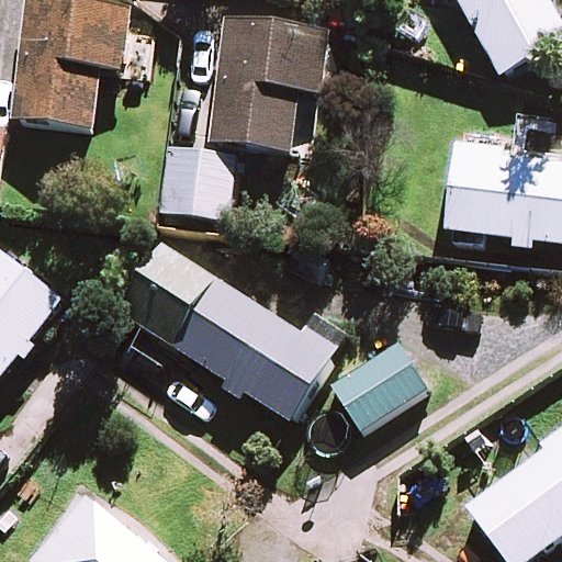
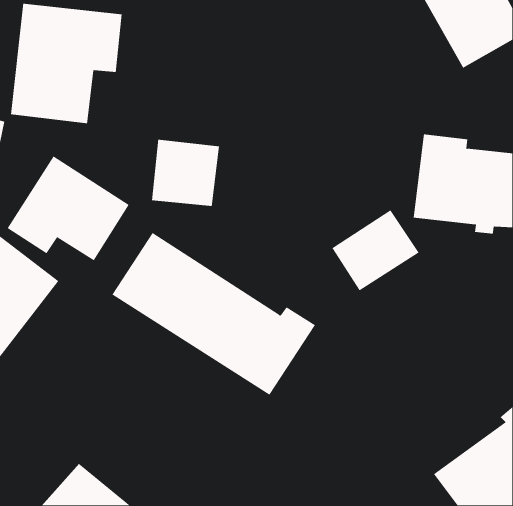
building: [210,22,329,155] -> none
building: none -> [7,155,130,261]
building: [331,345,426,432] -> [332,209,419,291]

